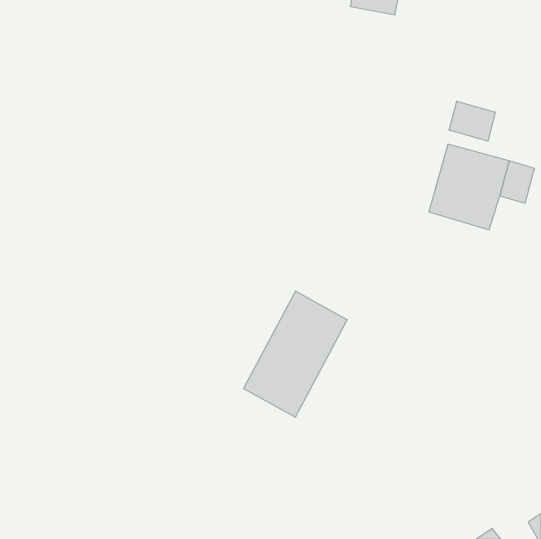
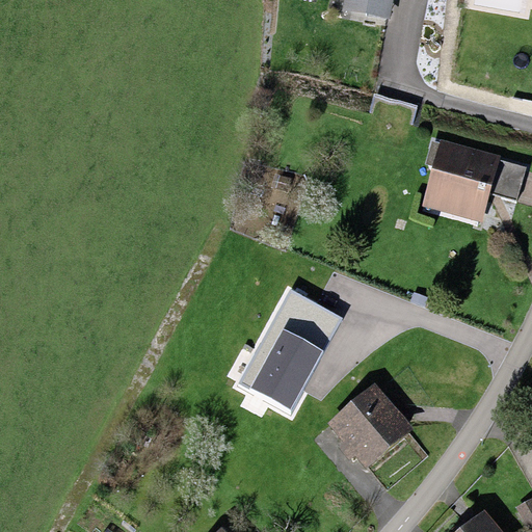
building: [449,101,495,141] -> none
building: none -> [328,383,410,466]

